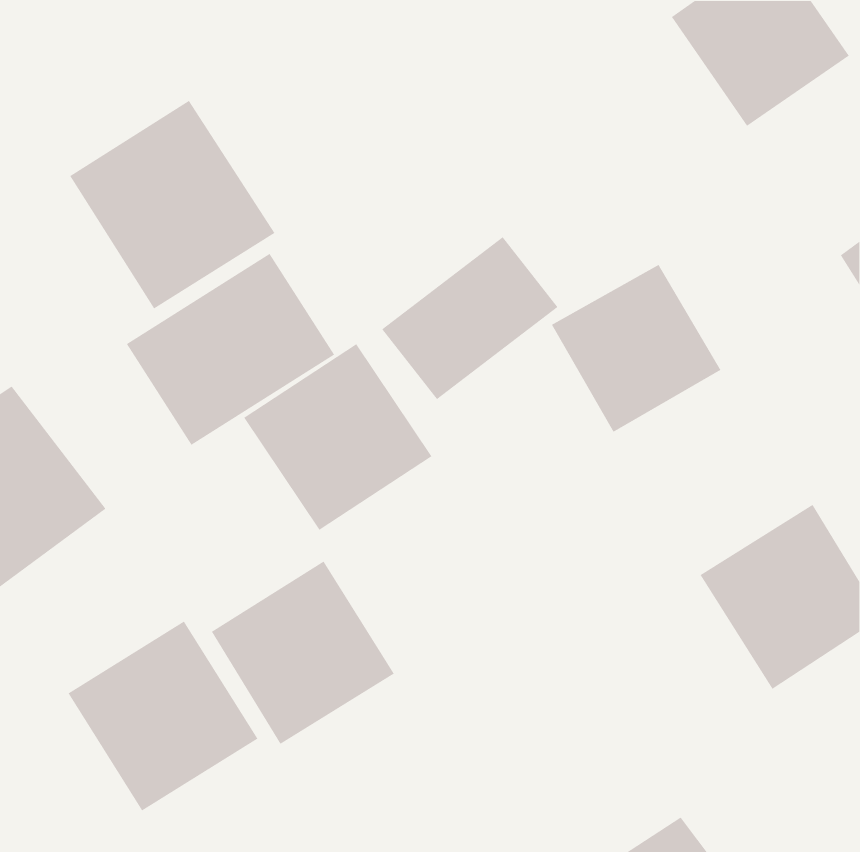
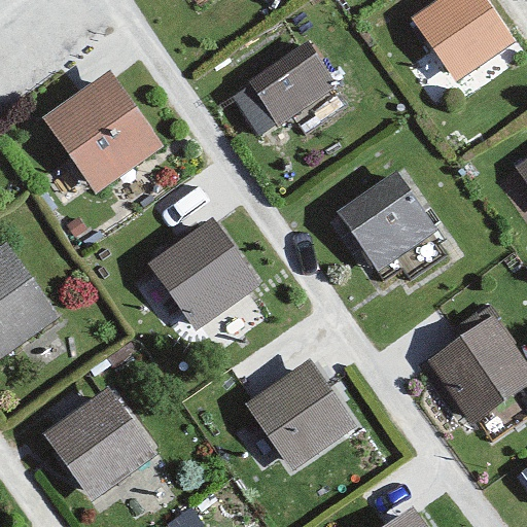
building: [381,236,559,400] -> [230,40,338,140]
building: [126,253,335,446] -> none
building: [211,560,395,745] -> [244,357,356,469]

